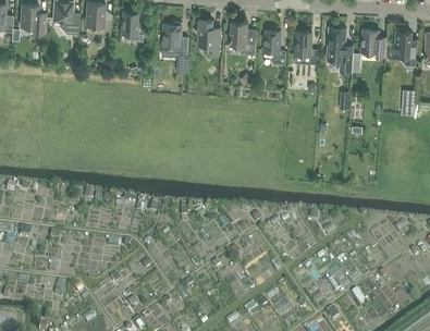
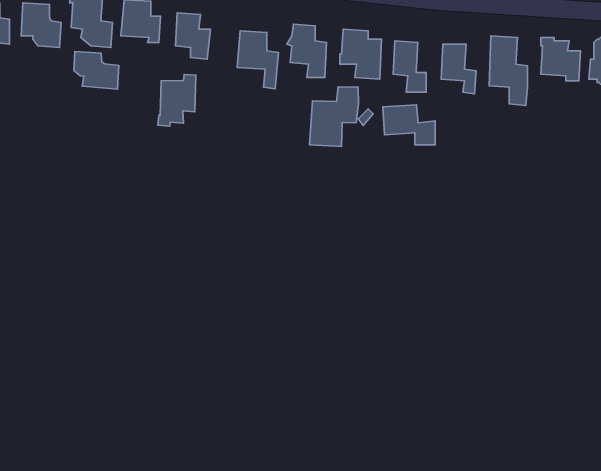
building: none -> [74,51,119,89]
building: none -> [158,74,196,126]
building: none -> [310,87,358,146]
building: none -> [383,105,435,145]

